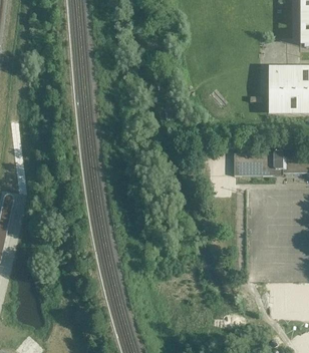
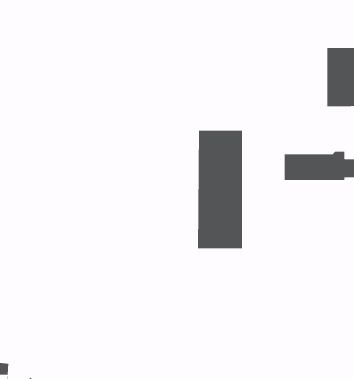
building: none -> [197,130,243,249]

